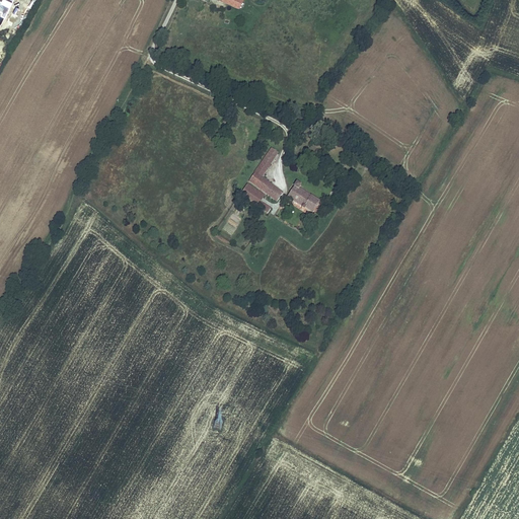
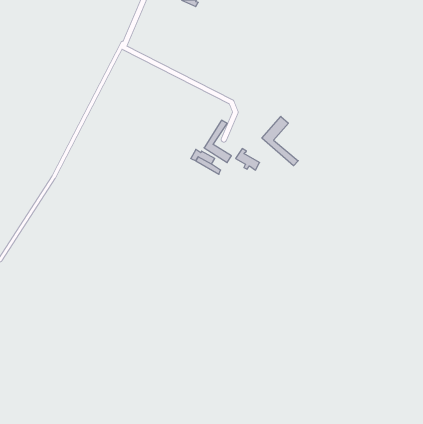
building: none -> [262,116,298,166]

